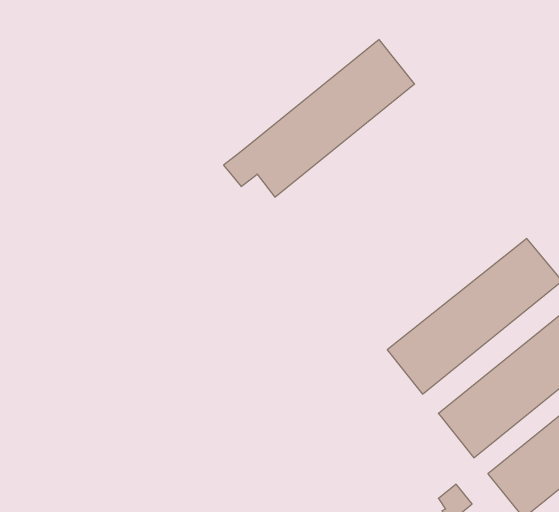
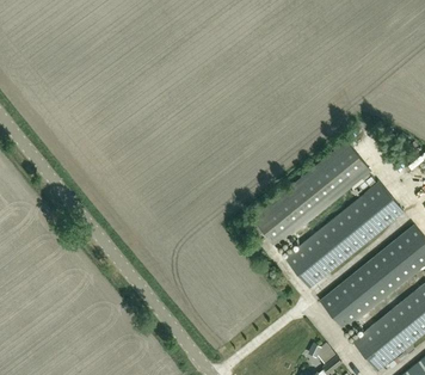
building: [224,40,415,197] -> [240,141,369,247]

